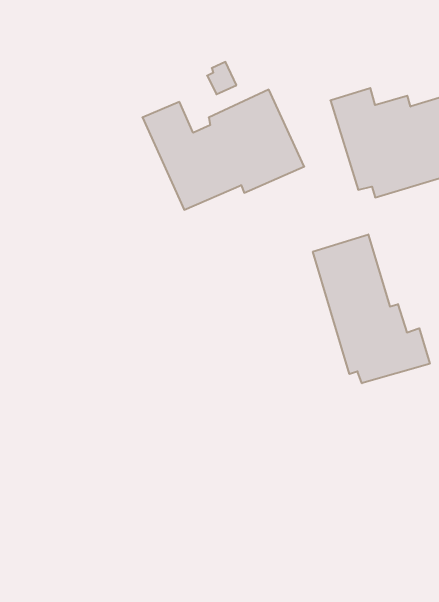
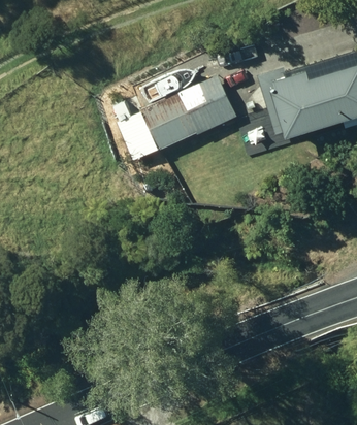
building: [313,234,430,383] -> none

